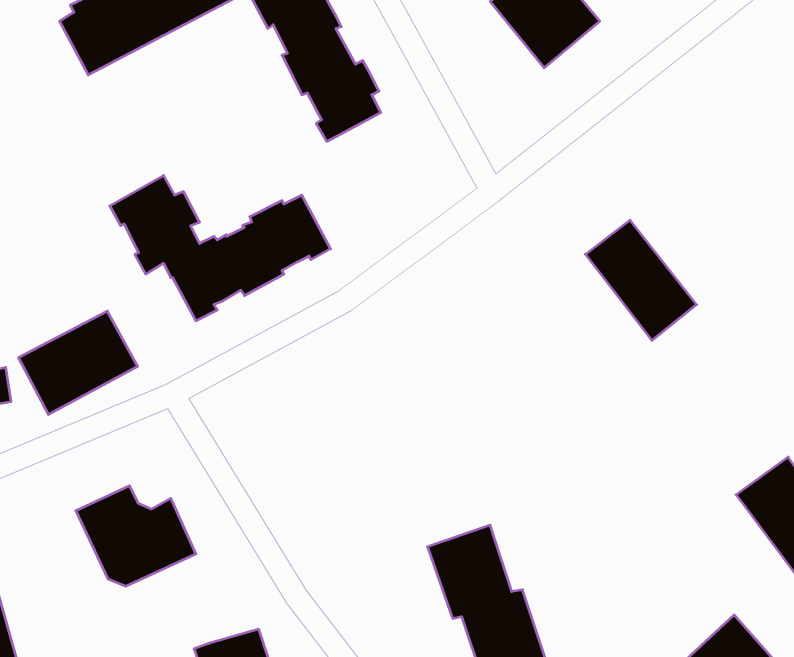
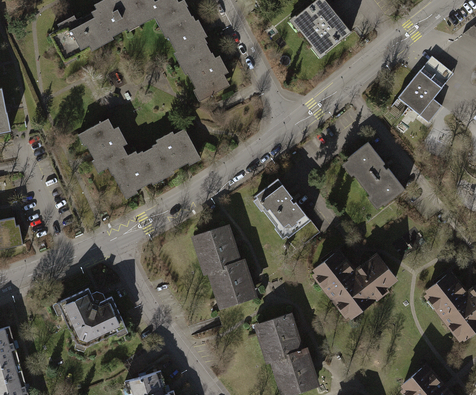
building: none -> [398,55,453,122]
building: none -> [254,179,309,238]
building: [19,311,138,415] -> none
building: none -> [193,224,254,307]
building: none -> [313,252,395,319]

